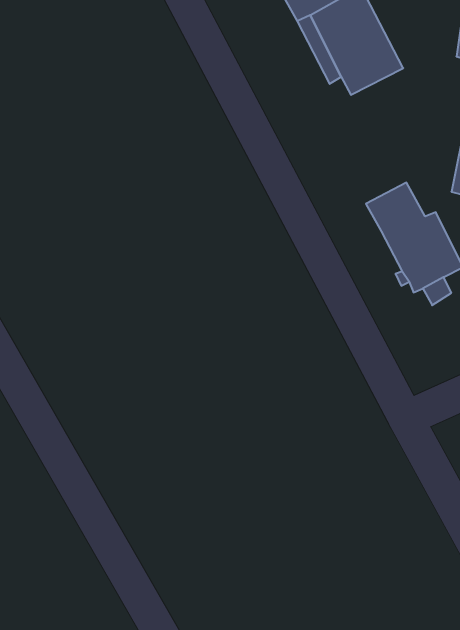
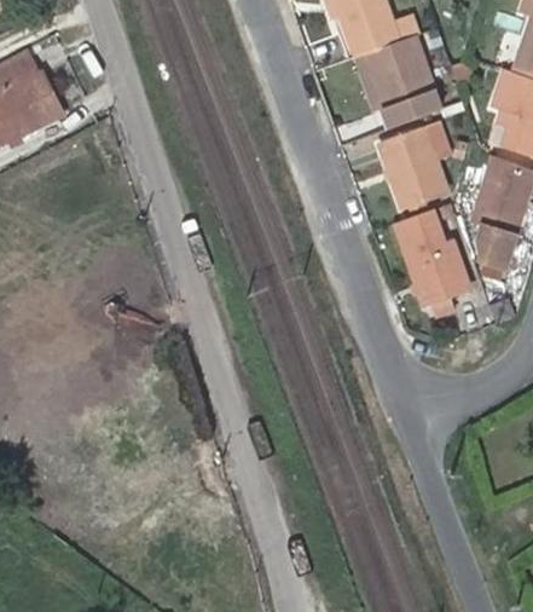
building: none -> [381,131,448,210]

